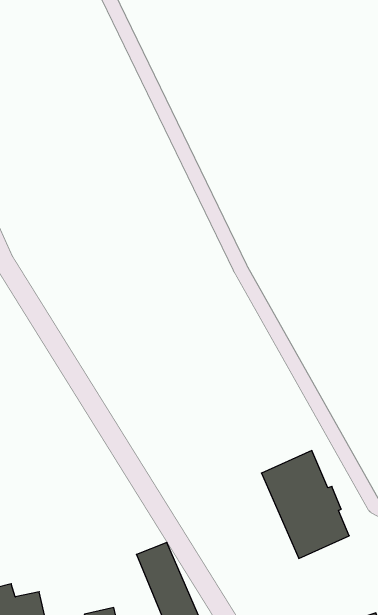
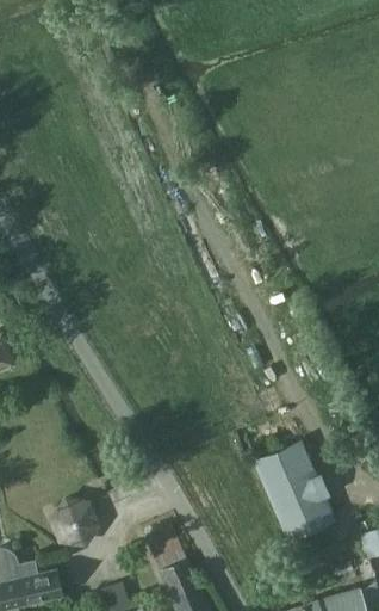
building: none -> [51,501,97,544]

